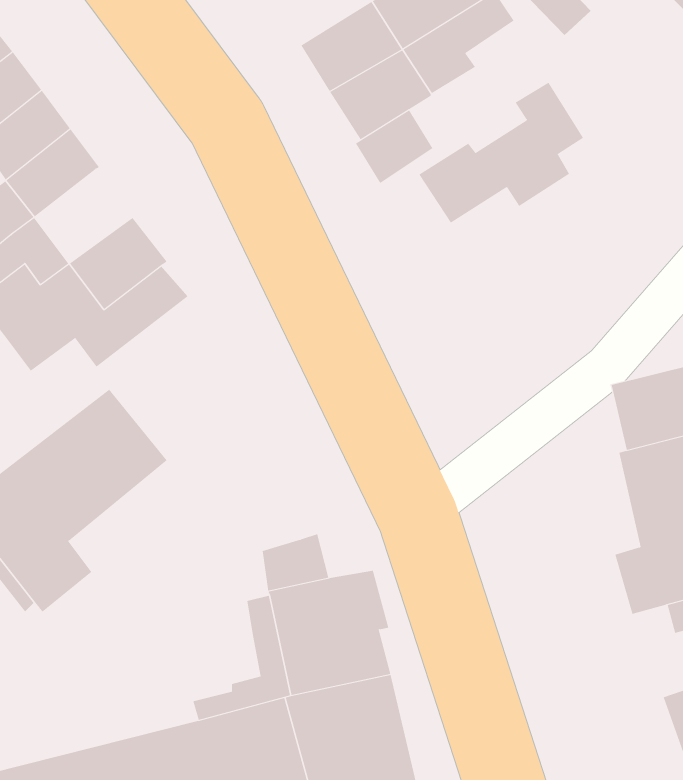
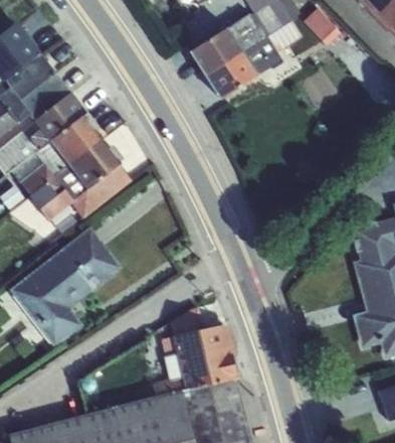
building: [418,82,584,224] -> none
building: [355,110,433,184] -> none
building: none -> [51,115,103,164]

